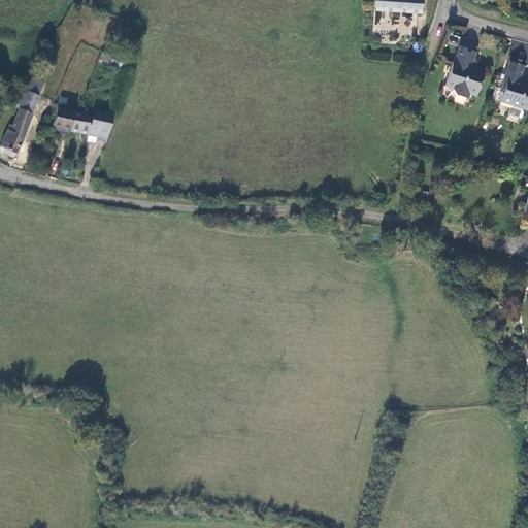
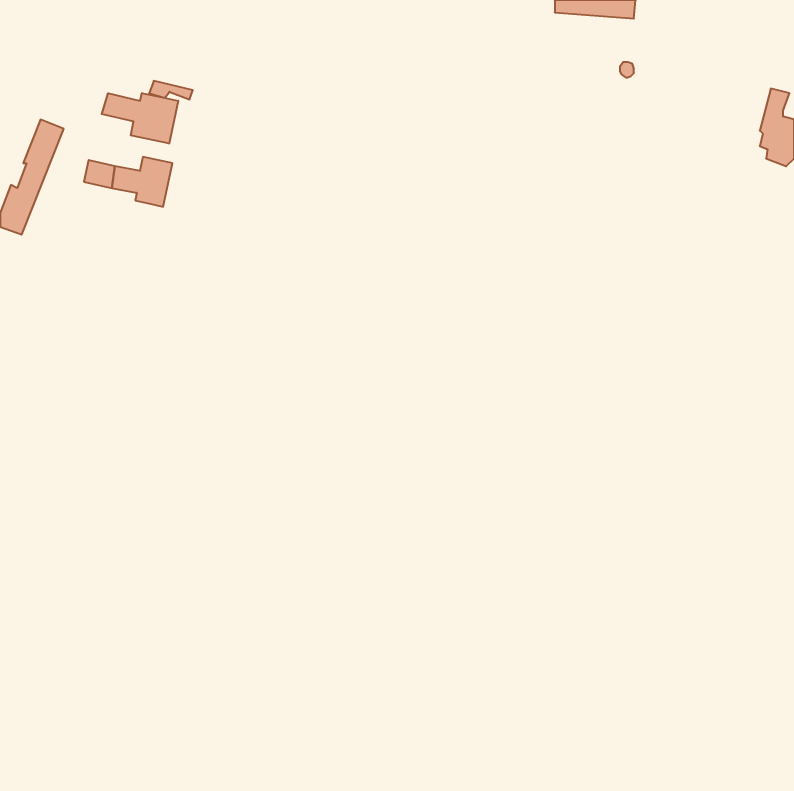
building: [449,48,486,100] -> none
building: none -> [102,93,178,144]

